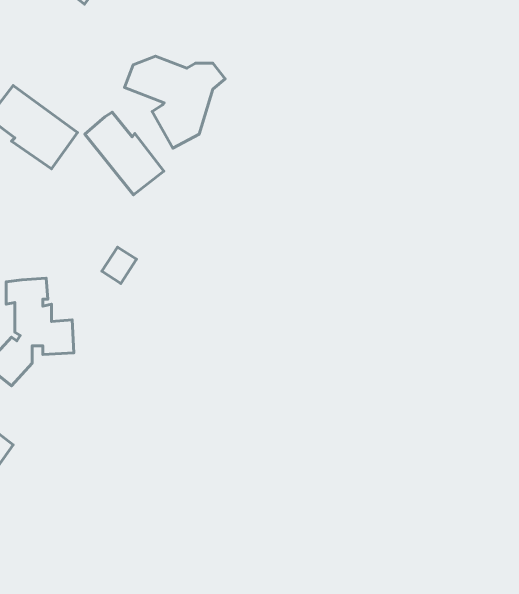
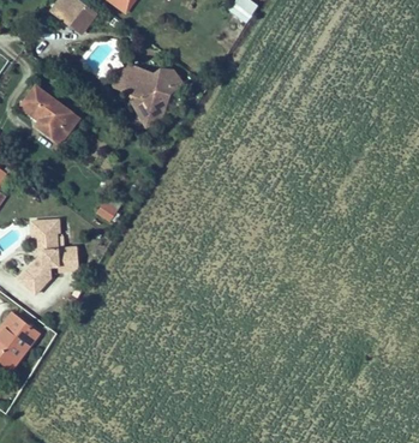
building: [85,112,164,195] -> none

